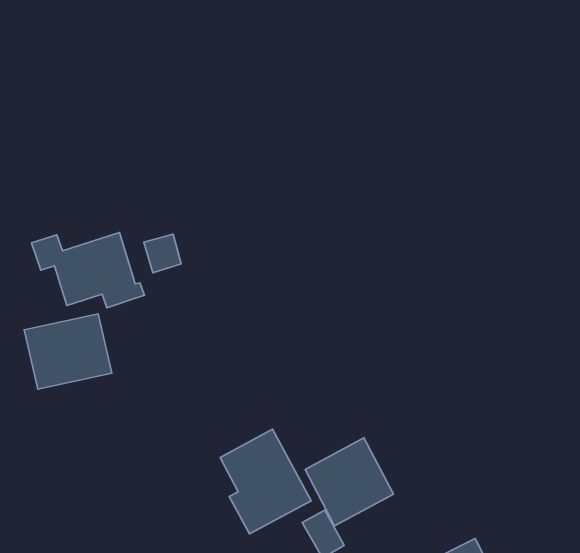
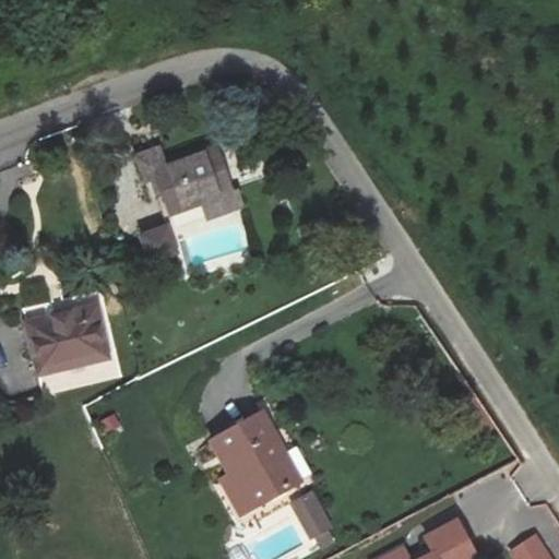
building: [32,233,144,308] -> [135,145,243,217]
building: [305,438,393,526] -> none

